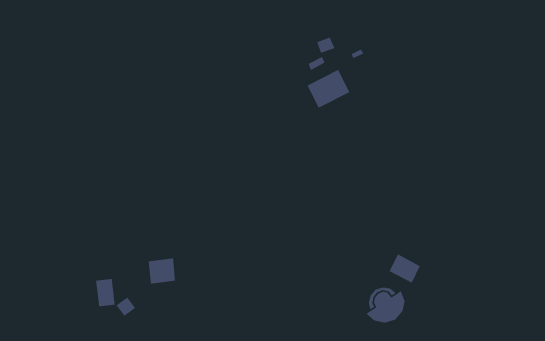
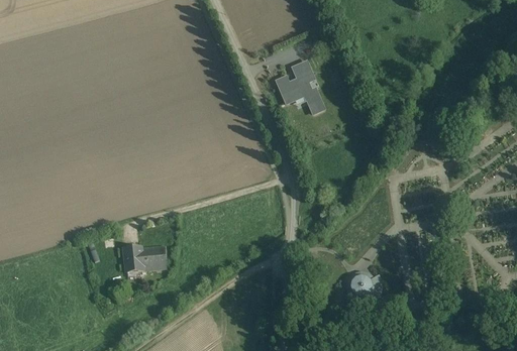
building: [389,253,421,284] -> none
building: [95,278,116,307] -> [122,244,141,271]

